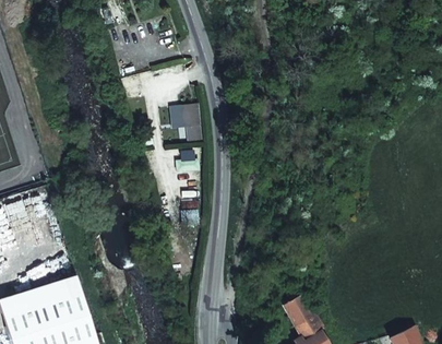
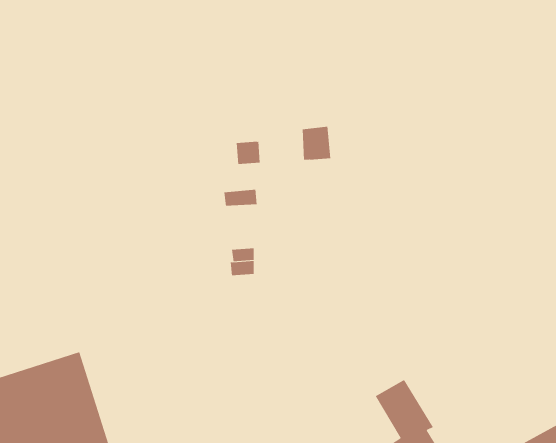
building: [179,103,200,127] -> [302,126,331,160]

